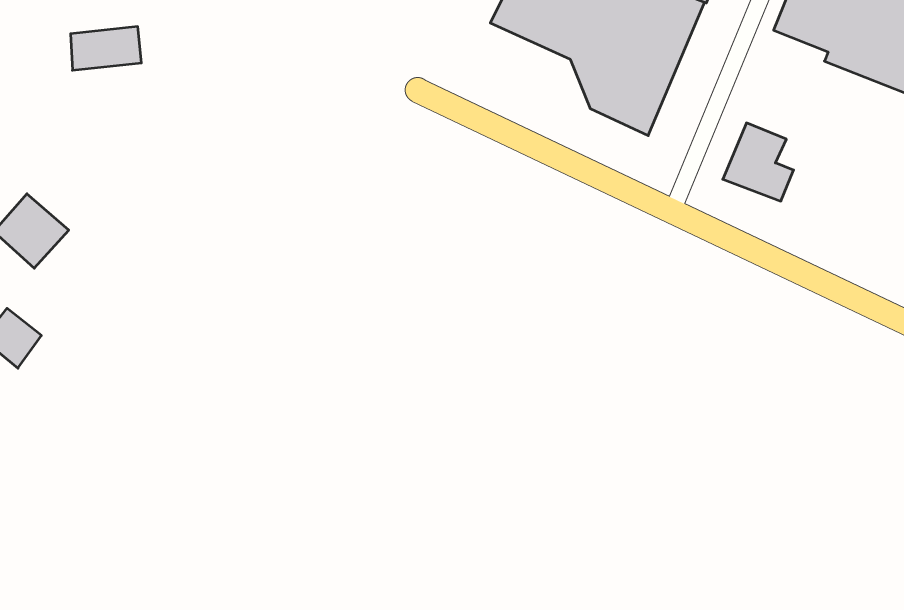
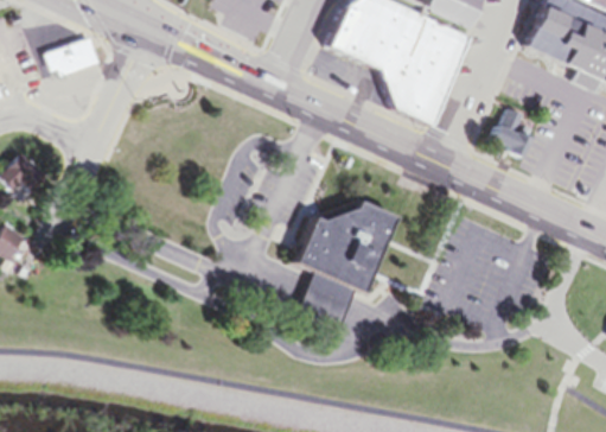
building: none -> [300,192,407,320]

